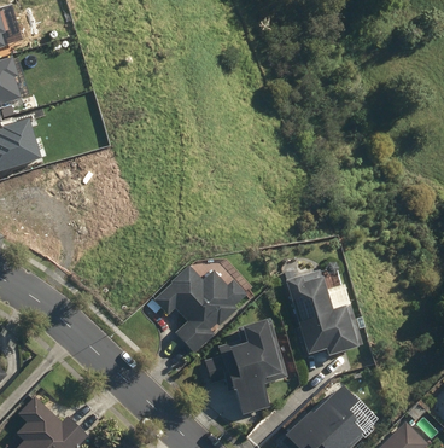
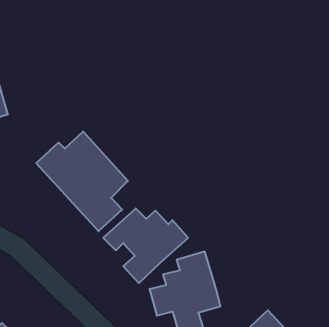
building: none -> [36,132,128,231]
building: [285,269,362,359] -> none

